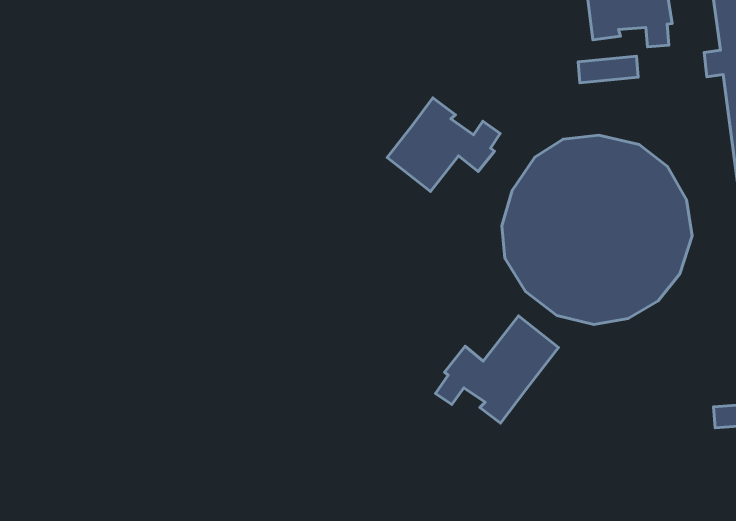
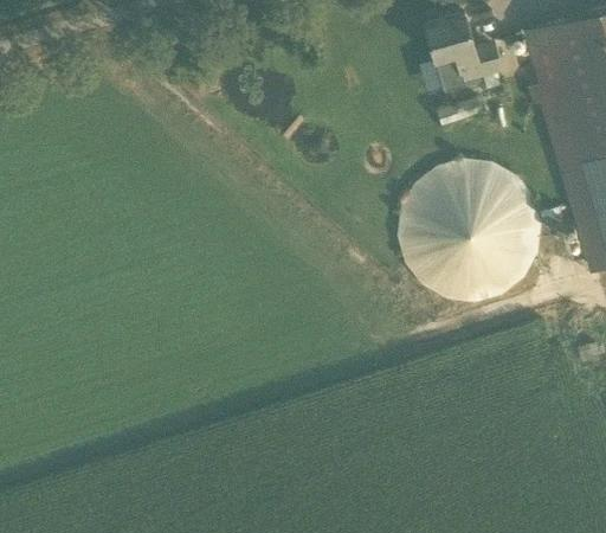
building: [387,98,500,191] -> none
building: [435,316,559,423] -> none

